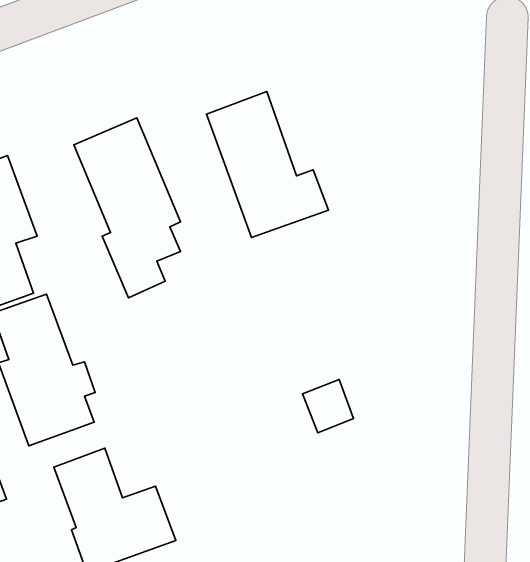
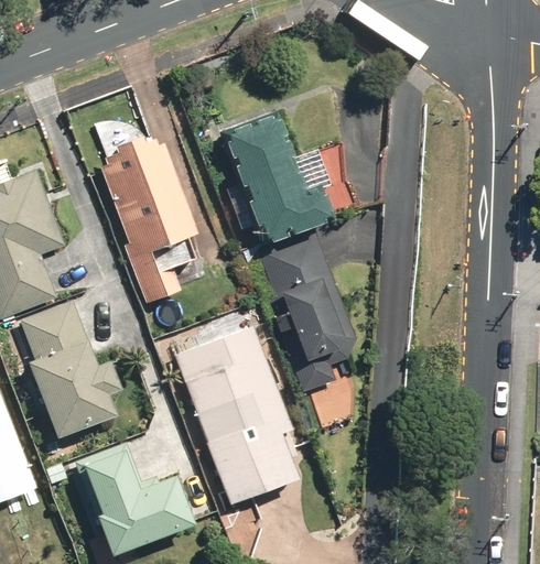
building: none -> [261,242,353,375]
building: none -> [175,325,306,502]

